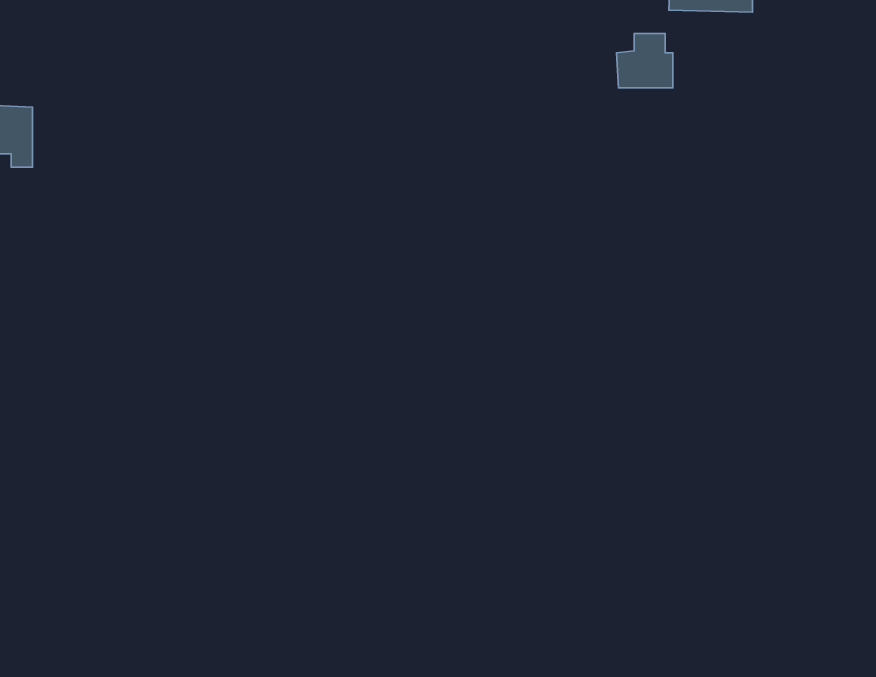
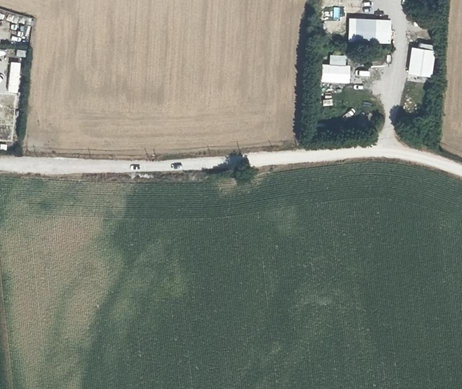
building: none -> [408,48,435,77]

